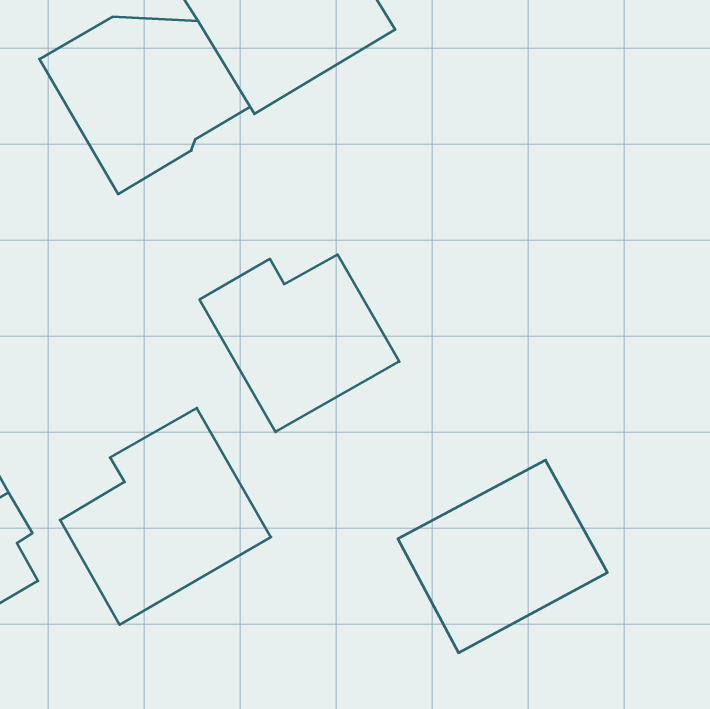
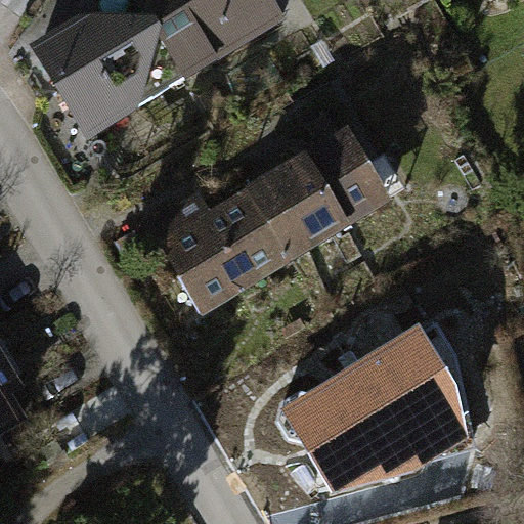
building: none -> [246,125,394,263]
building: [60,408,271,625] -> none

